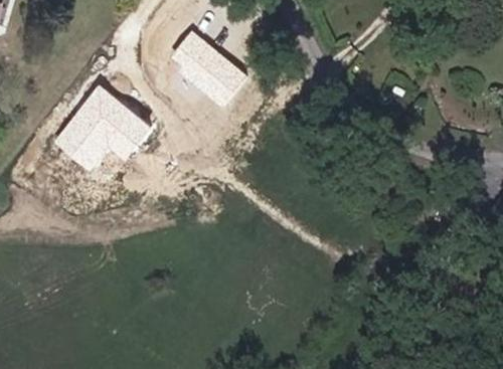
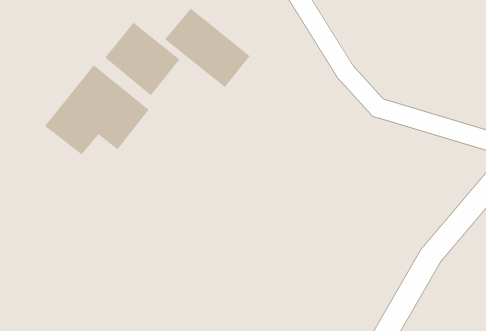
building: none -> [104,22,180,96]

